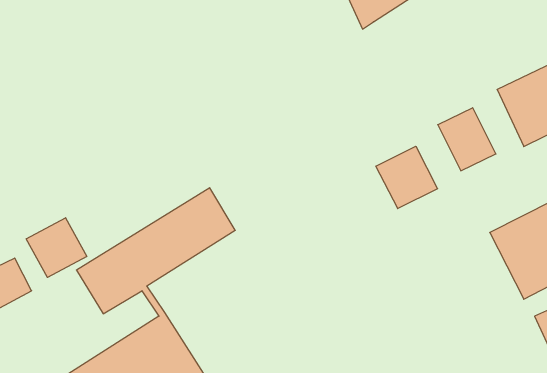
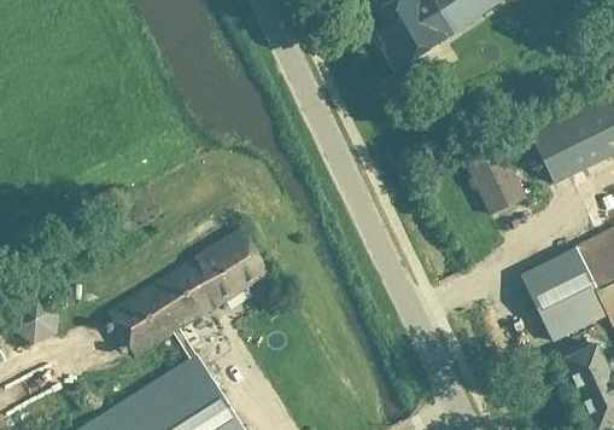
building: [376,146,438,209] -> none
building: [26,218,87,277] -> none

